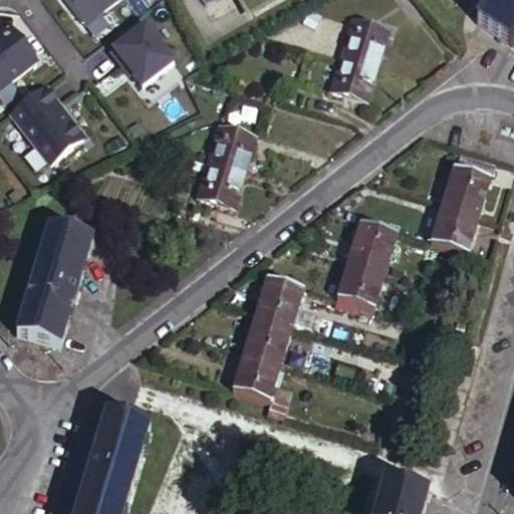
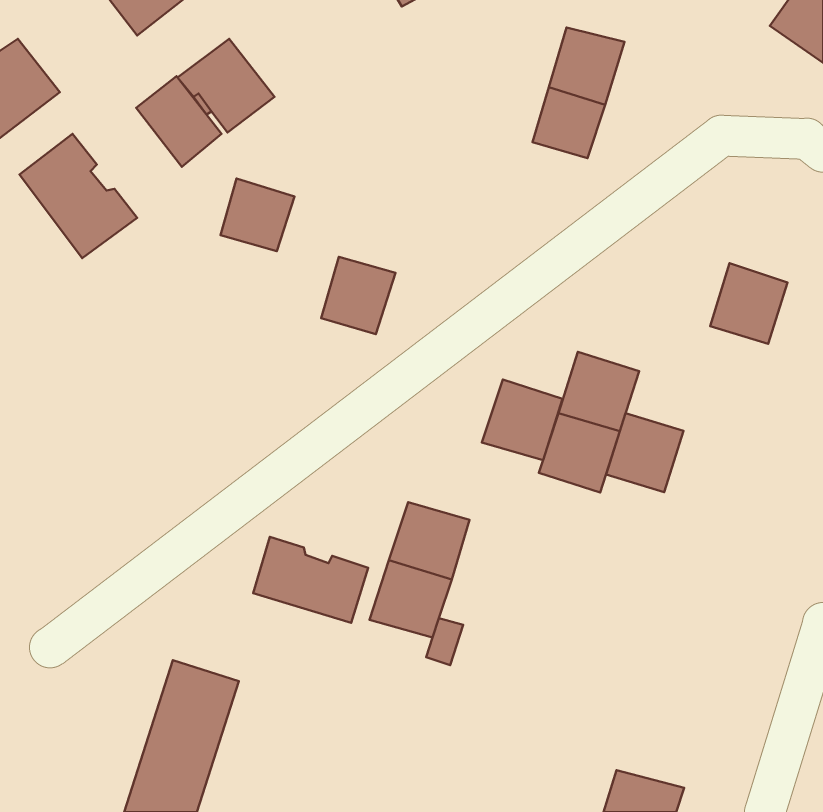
building: none -> [136,76,221,167]
building: [211,124,257,170] -> [220,179,295,251]
building: [430,203,478,252] -> [606,413,684,492]
building: [17,224,90,340] -> none
building: [254,273,304,323] -> [482,380,562,460]
building: none -> [253,537,368,623]

